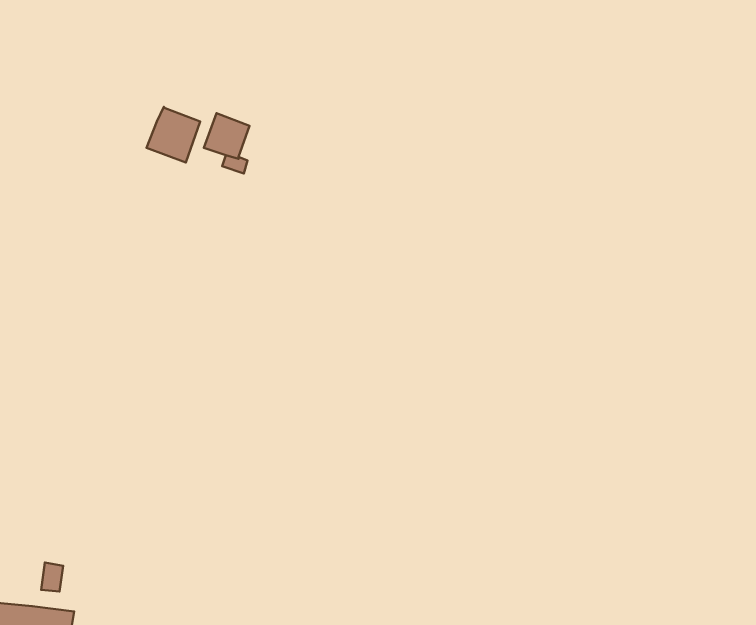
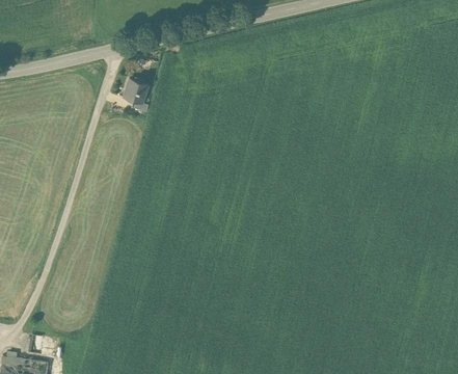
building: [146,107,200,162] -> none

